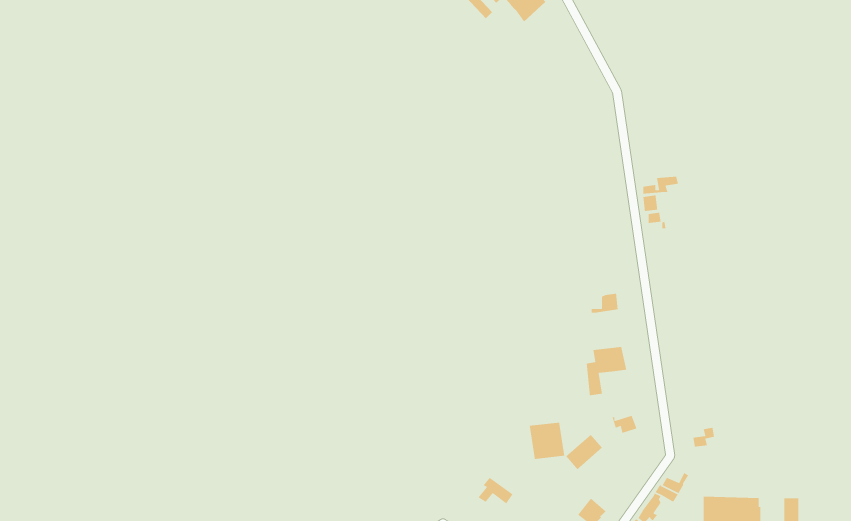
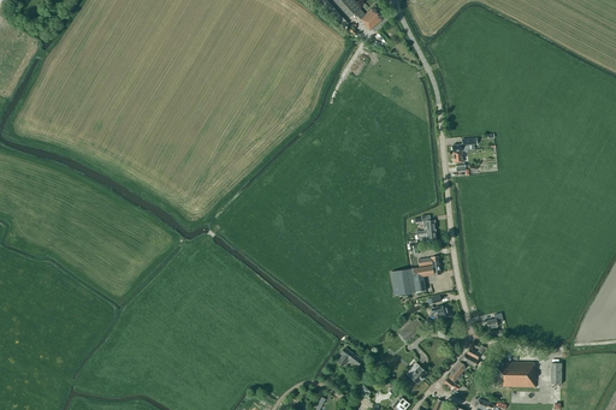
building: [529,422,565,460] -> [389,269,414,296]

